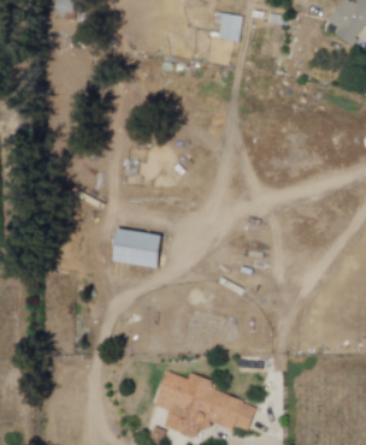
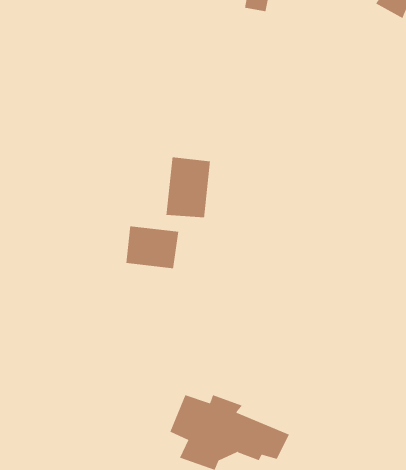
building: none -> [166,157,211,218]

